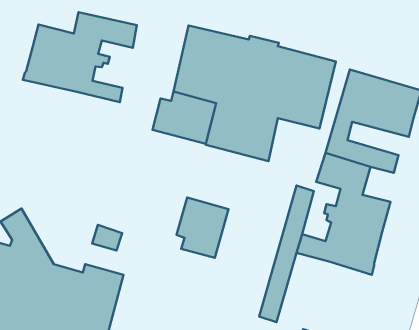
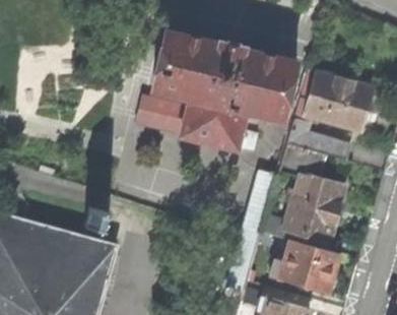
building: [23,12,137,102] -> none
building: [177,197,229,258] -> none
building: none -> [271,239,340,293]

